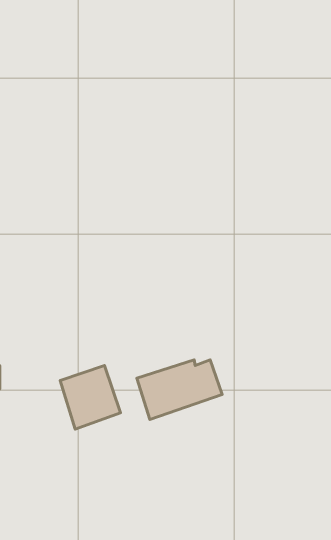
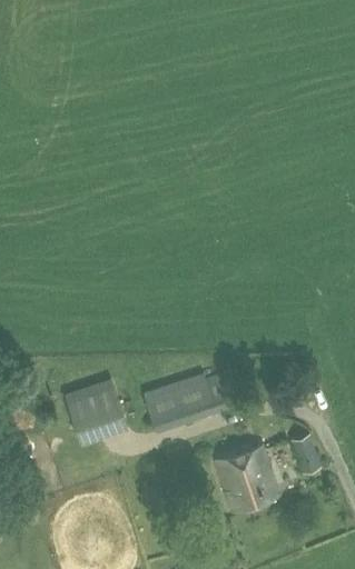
building: none -> [289,431,319,472]
building: none -> [214,443,279,511]

